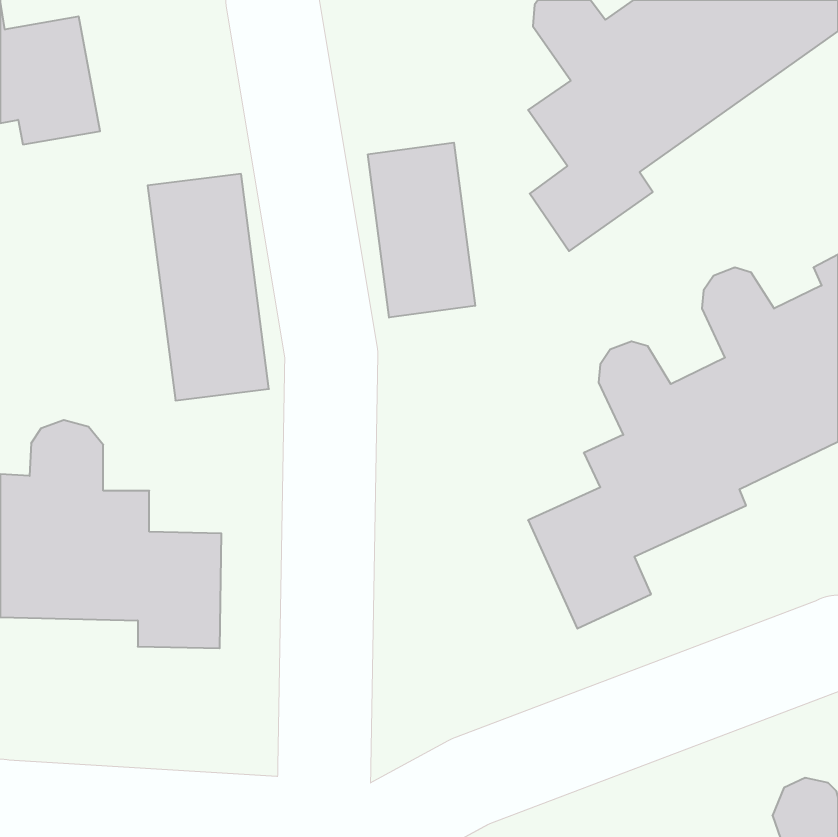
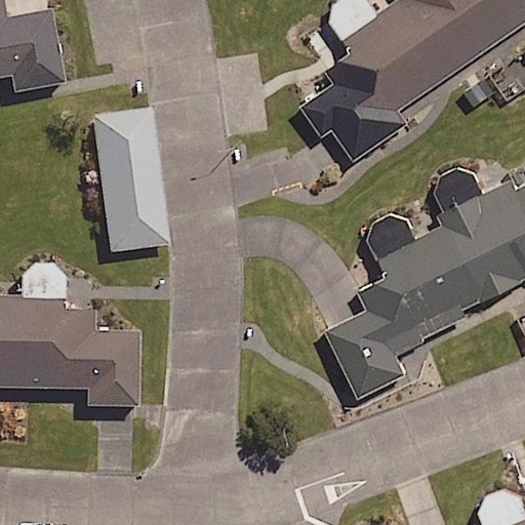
building: [368,143,475,318] -> none

